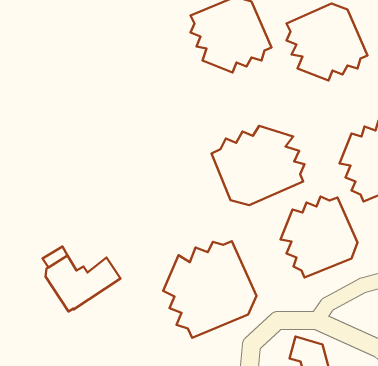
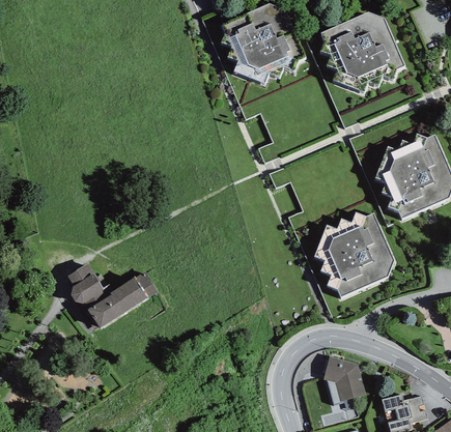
building: [211,126,305,205] -> none
building: [163,241,257,338] -> none

